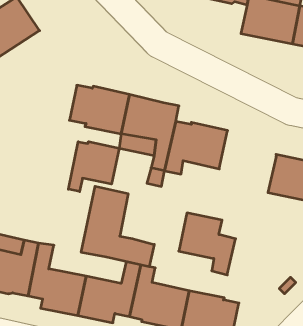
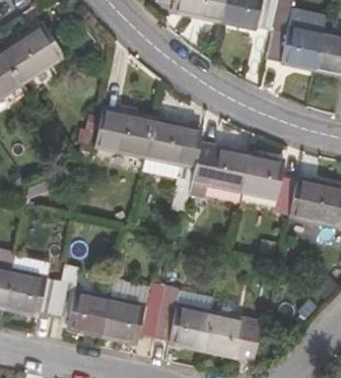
building: [68,142,119,192] -> none
building: [81,186,154,267] -> none
building: [179,213,236,275] -> [242,154,297,215]

